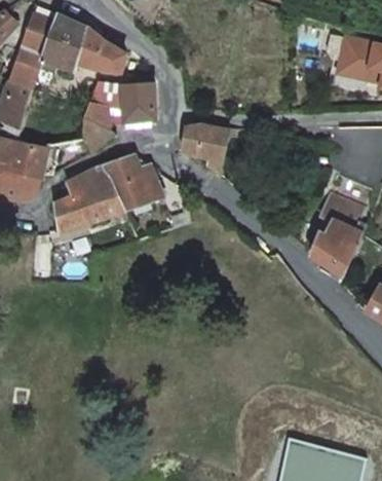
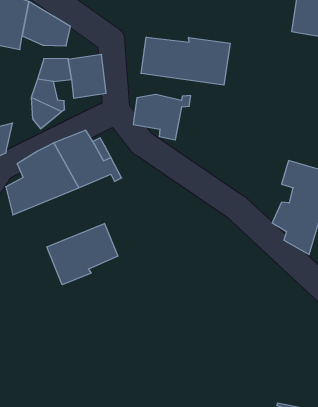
building: none -> [141,37,230,85]
building: none -> [47,223,118,285]

